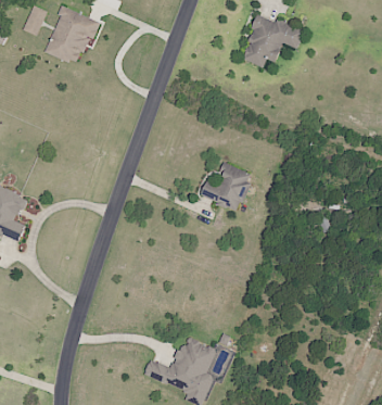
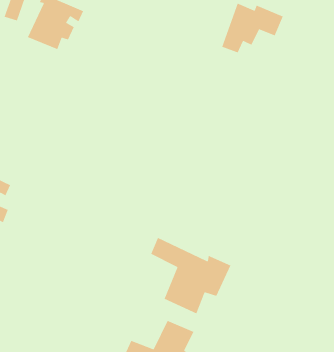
building: [201,162,253,210] -> none
building: none -> [150,237,231,314]

